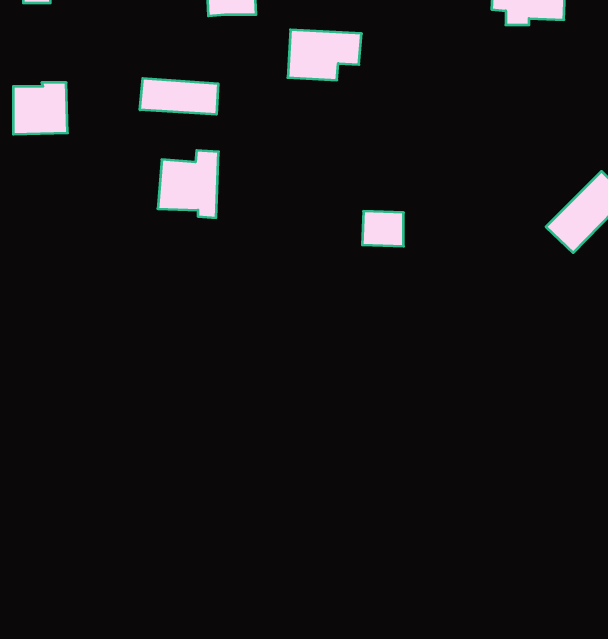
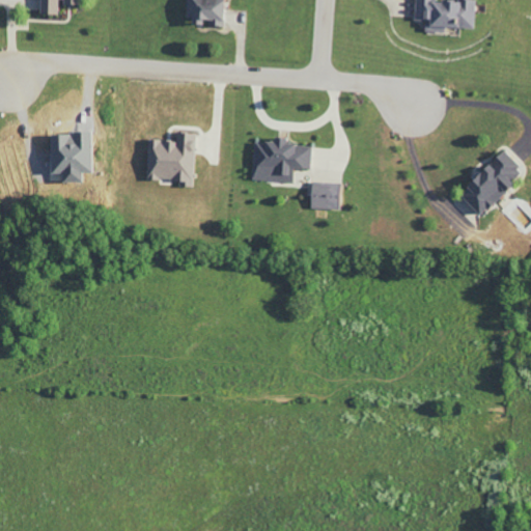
building: [288,30,362,80] -> [252,141,311,181]
building: [140,78,218,114] -> none
building: [13,83,68,134] -> [49,132,92,173]

